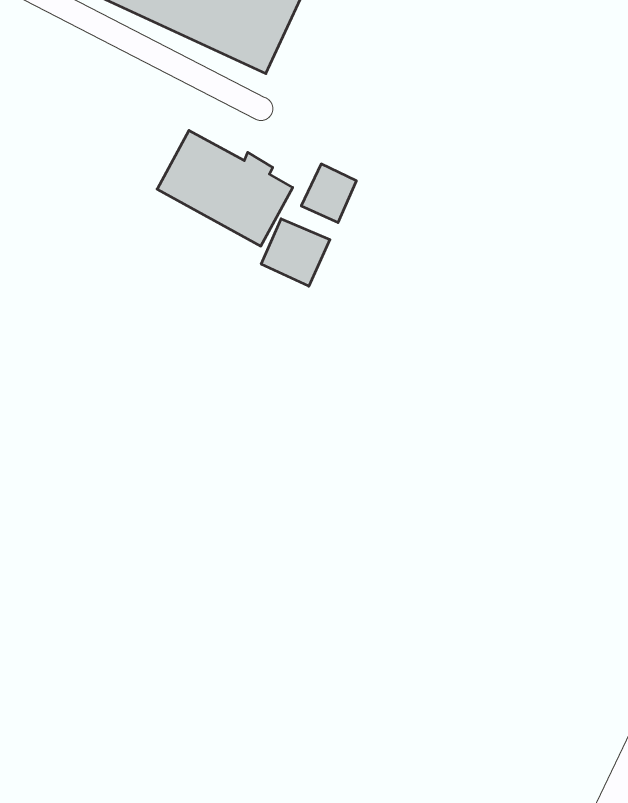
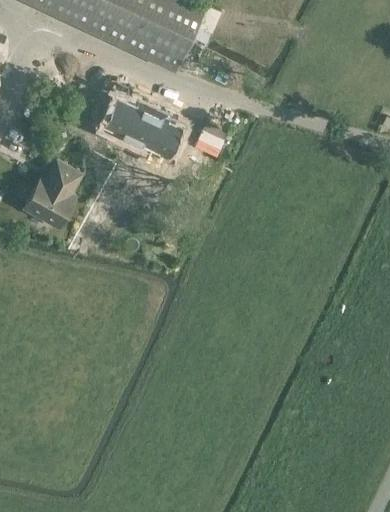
building: [261,219,330,286] -> none
building: none -> [22,163,80,230]

